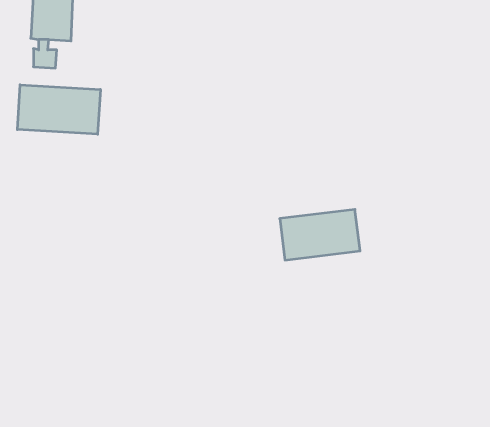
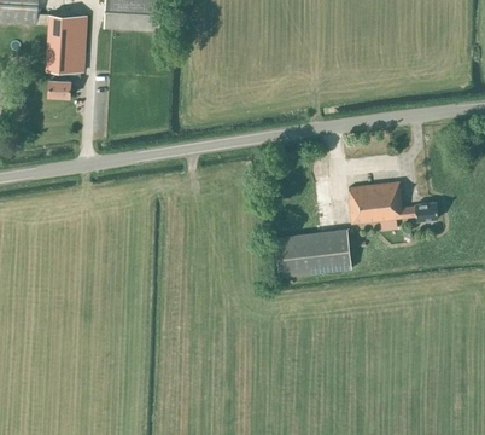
building: [17,85,100,134] -> none
building: none -> [349,181,439,231]

